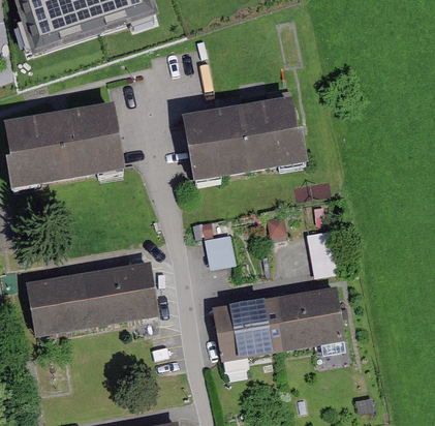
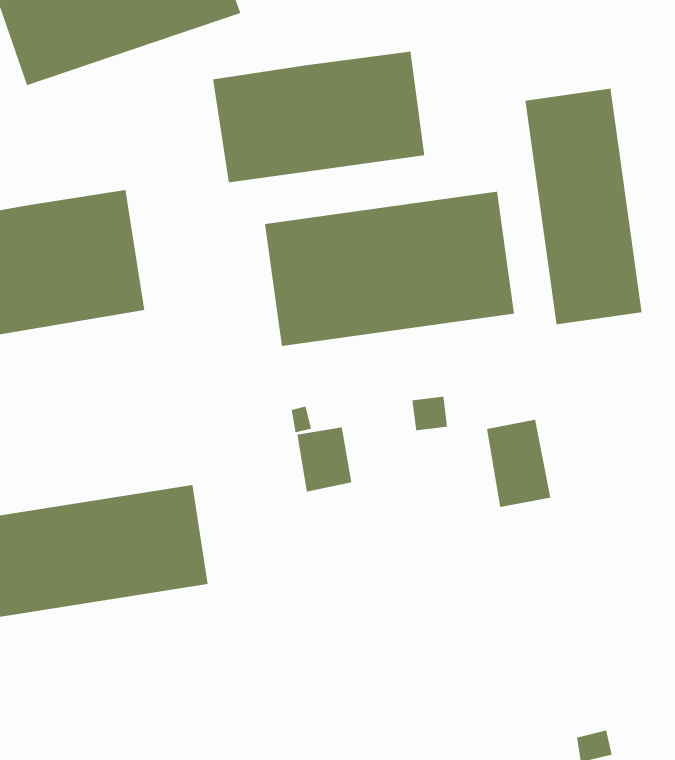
building: none -> [213,51,425,183]
building: none -> [525,88,642,325]
building: [213,288,342,361] -> none

